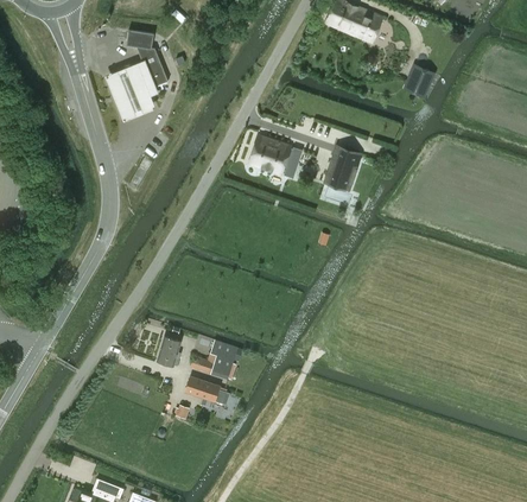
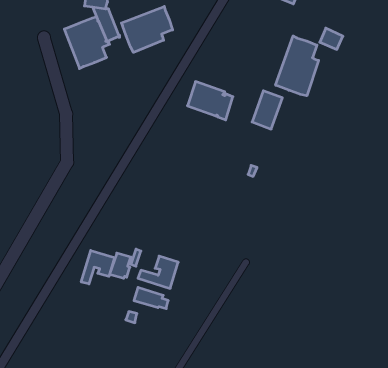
building: none -> [121,6,173,52]
building: none -> [276,36,319,96]
building: none -> [81,250,115,284]

